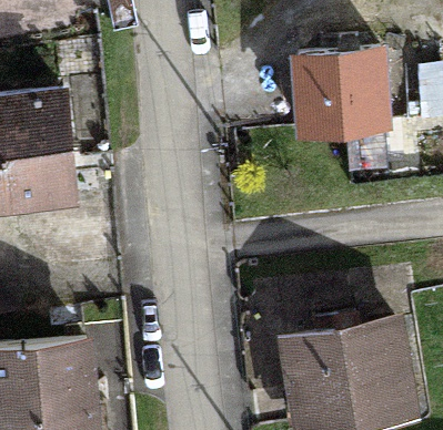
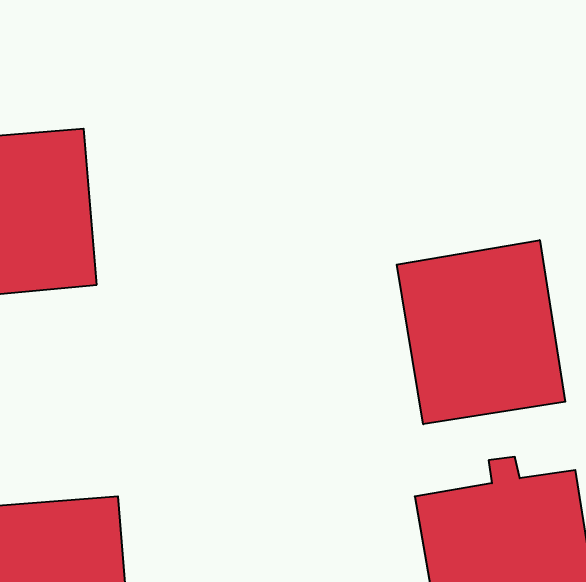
building: [298,51,385,132] -> none
building: none -> [397,240,565,424]

